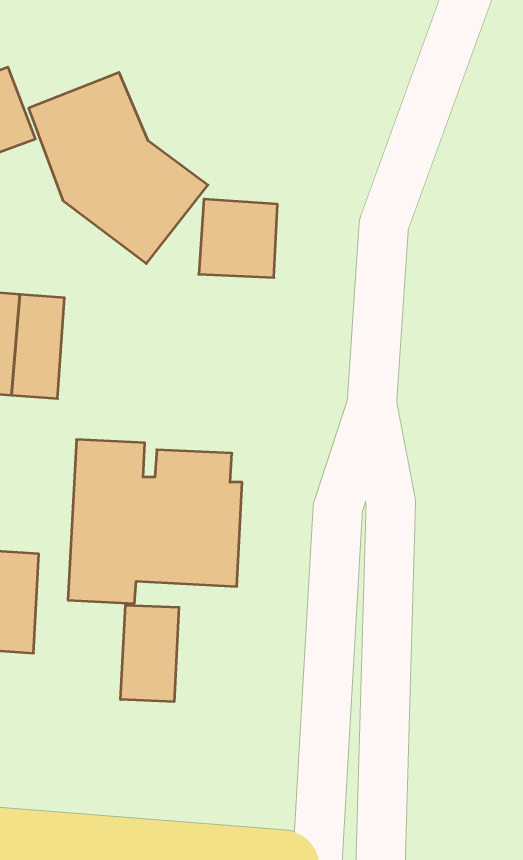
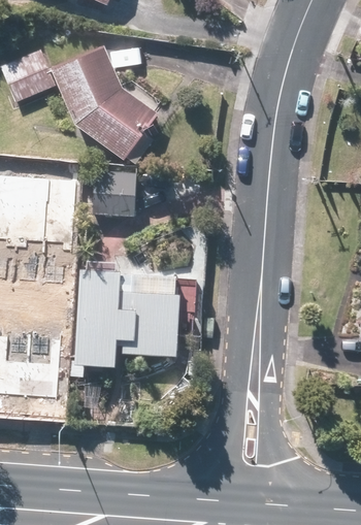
building: [199,199,277,278] -> [90,169,137,217]
building: [121,605,179,702] -> none

